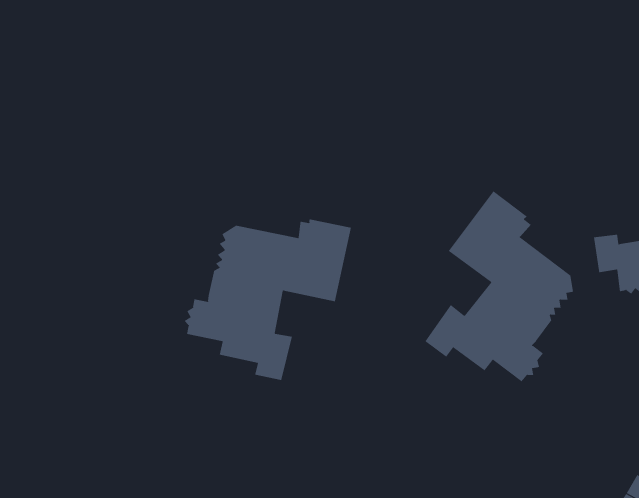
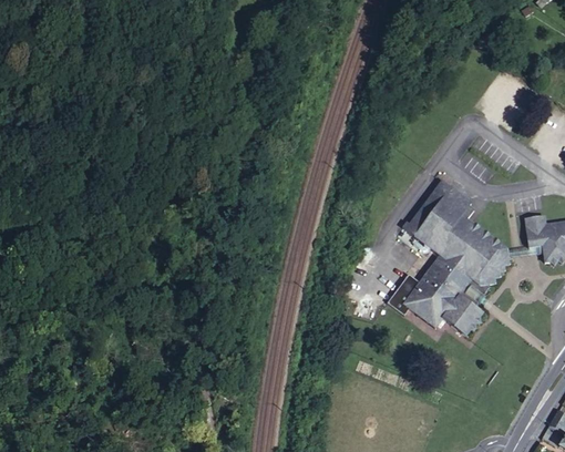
building: [184,219,351,381] -> none

